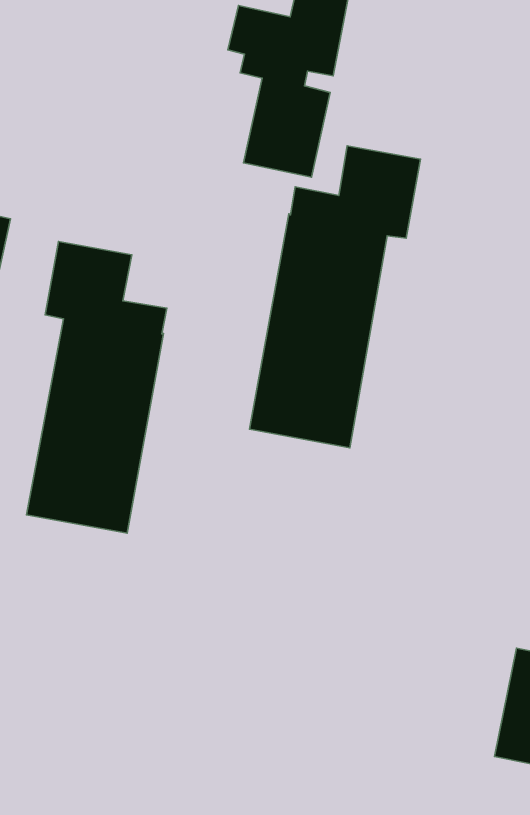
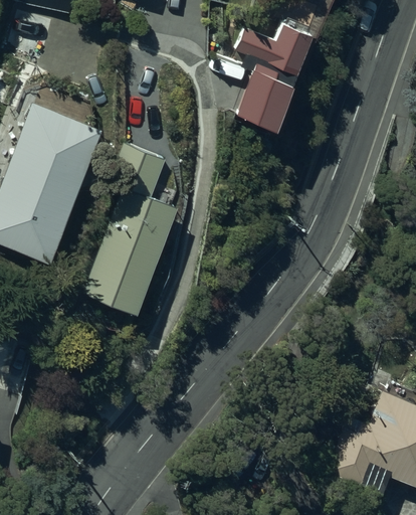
building: [250,146,420,448] -> none

